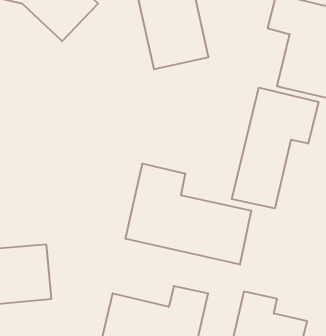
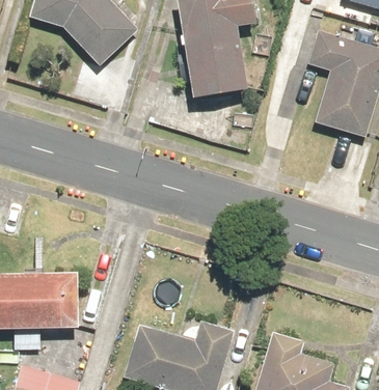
building: [232,88,318,208] -> none
building: [126,163,251,265] -> none

